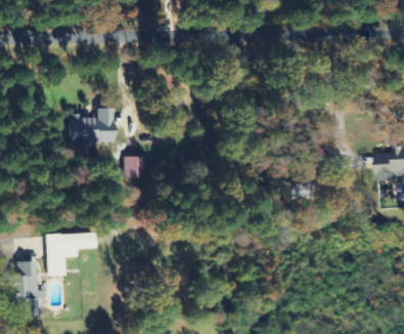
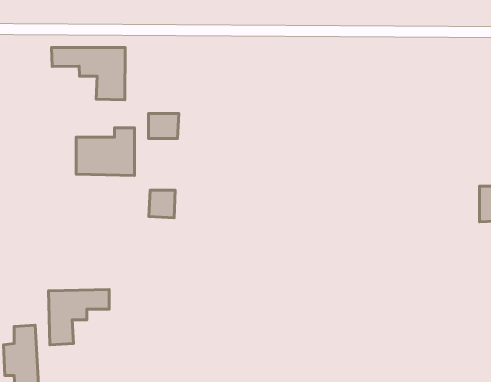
building: none -> [52,47,125,100]
building: none -> [148,113,179,138]

